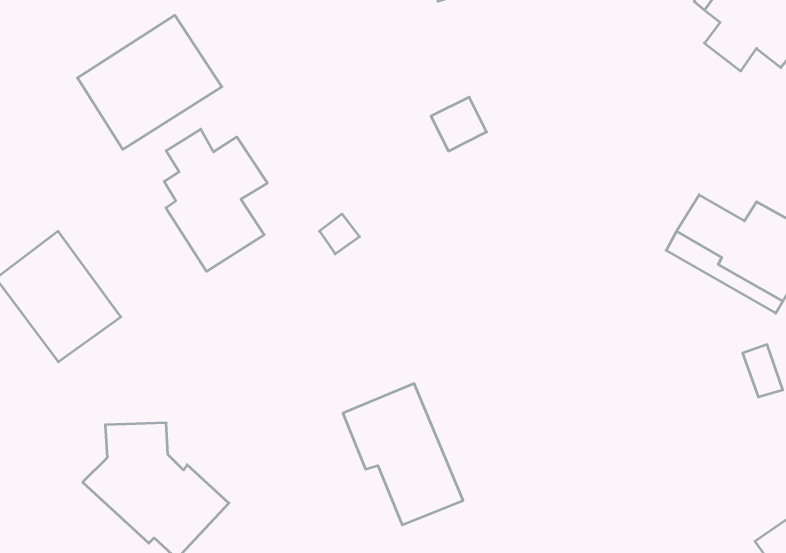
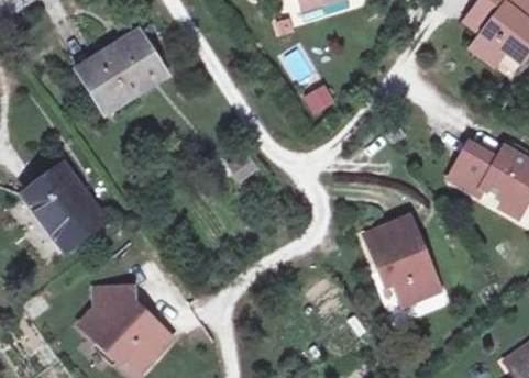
building: [164,129,267,271] -> none
building: [343,384,463,525] -> [364,215,440,304]

